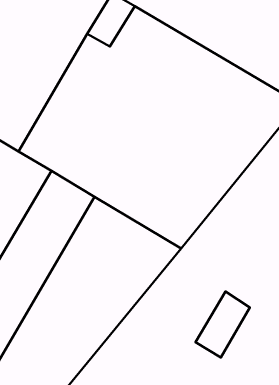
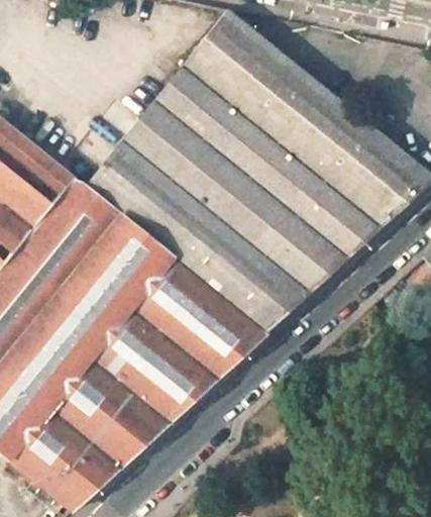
building: [195,292,250,358] -> none

